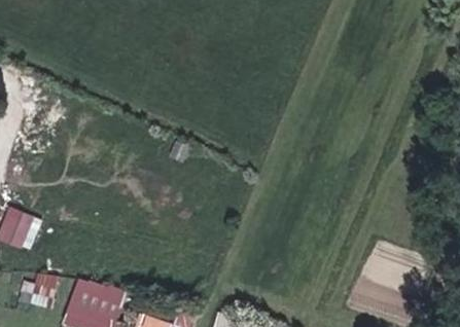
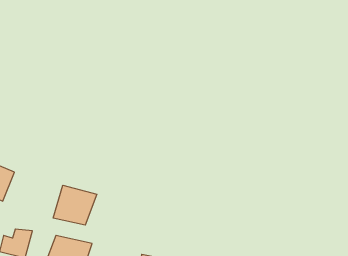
building: none -> [53,185,97,225]

